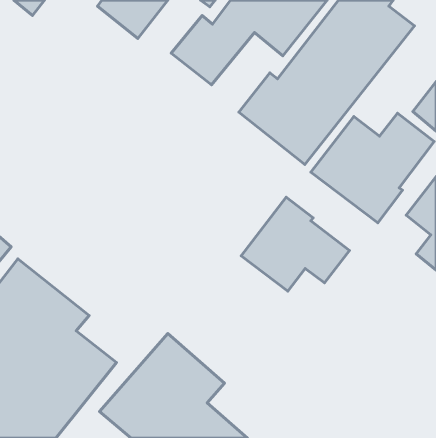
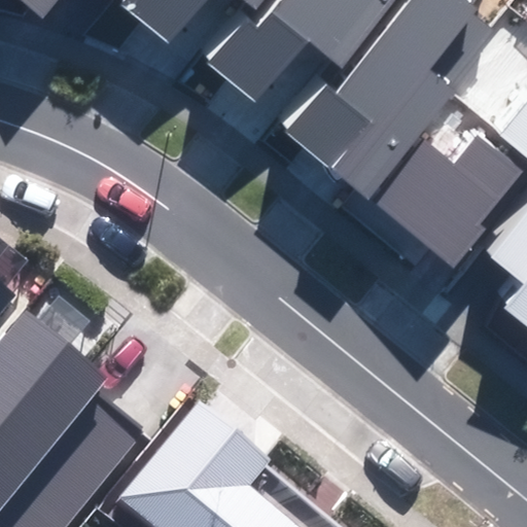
building: [241,197,349,291] -> none

